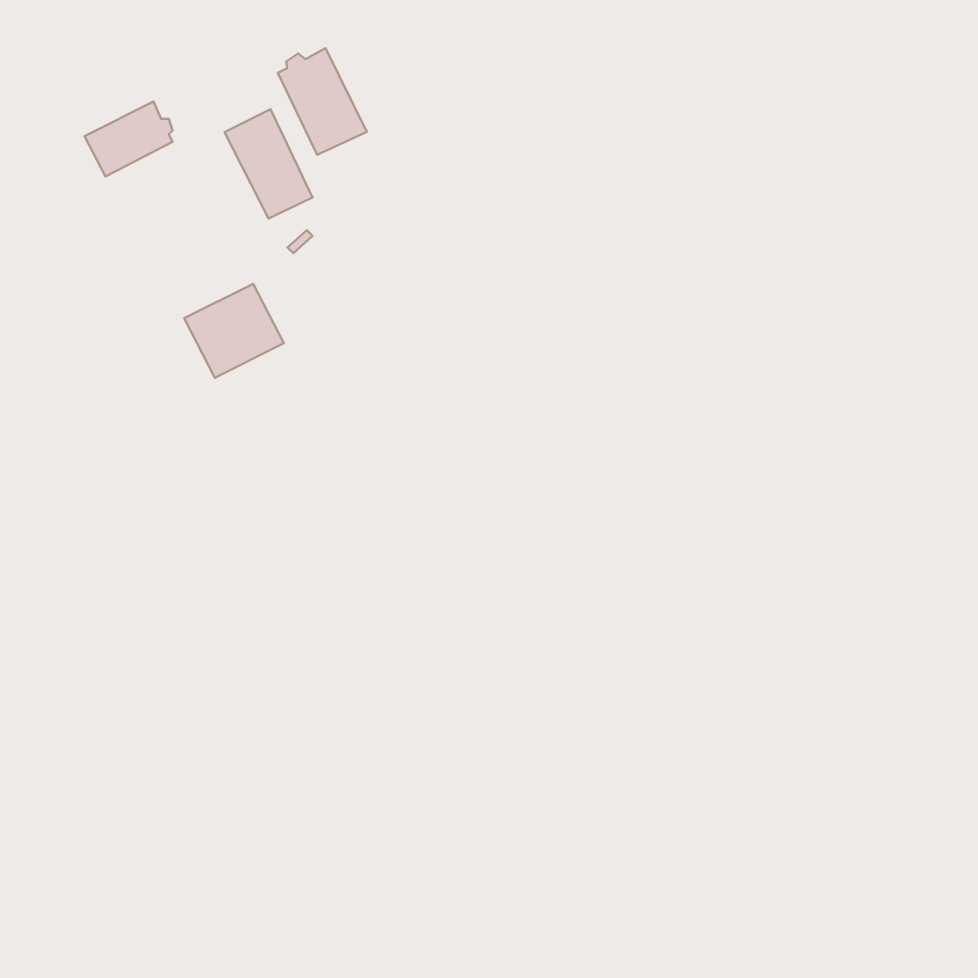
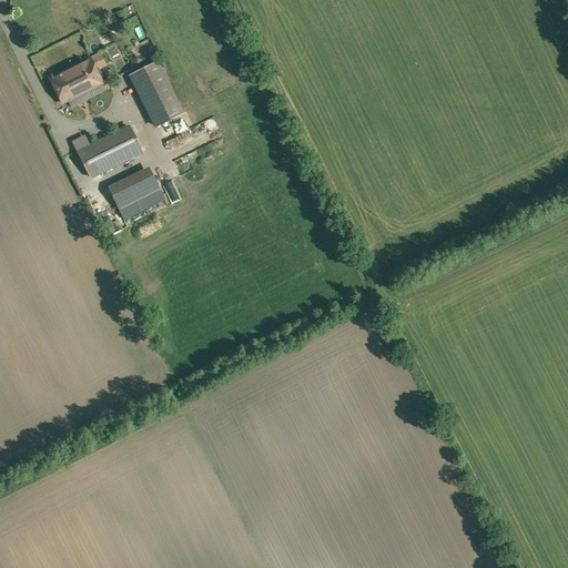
building: [278,48,367,155] -> none
building: none -> [78,128,142,179]

